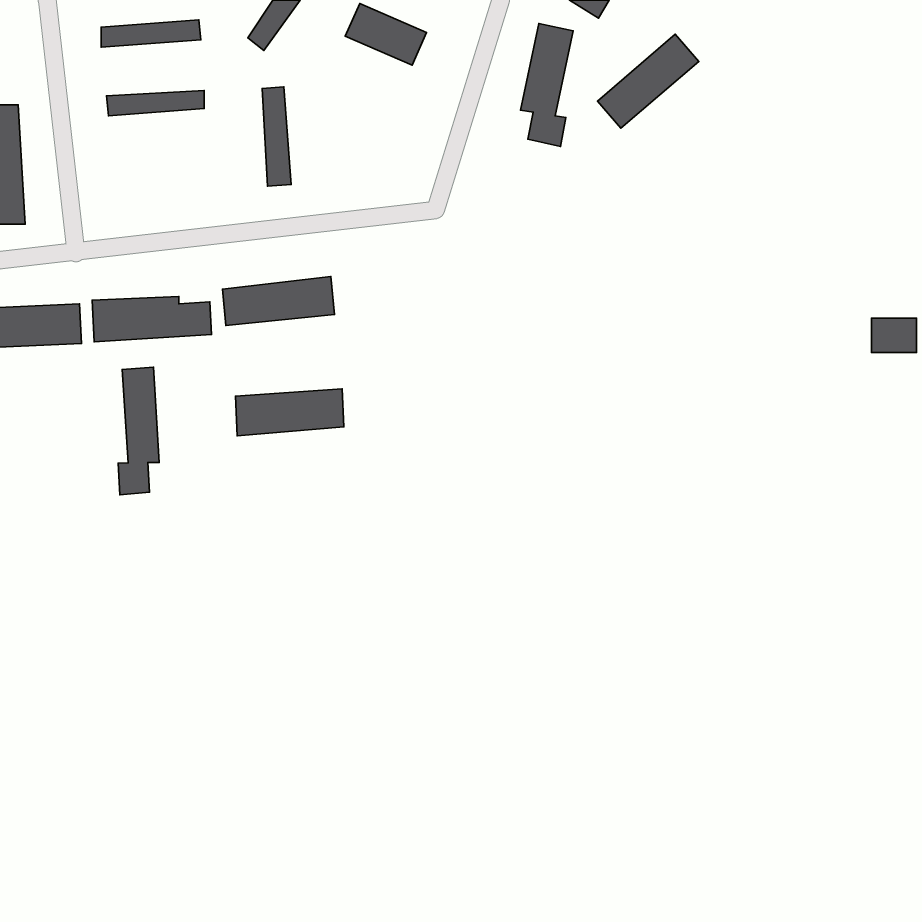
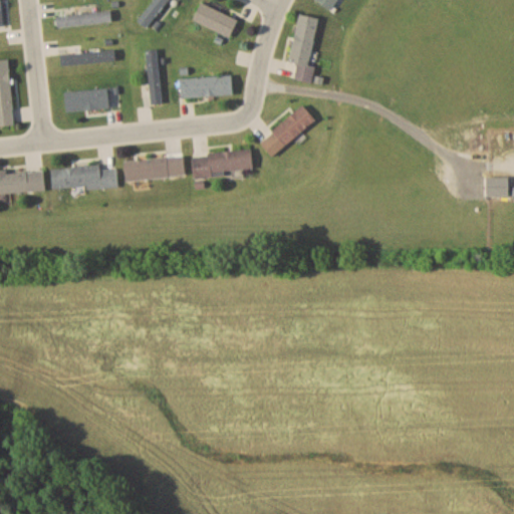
building: [597,34,699,128] -> [259,104,315,157]
building: none -> [180,76,233,96]
building: none -> [64,87,119,111]
building: [118,367,159,495] -> none
building: [235,389,344,436] -> [192,150,252,176]

